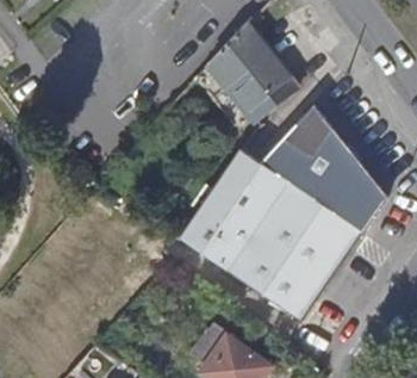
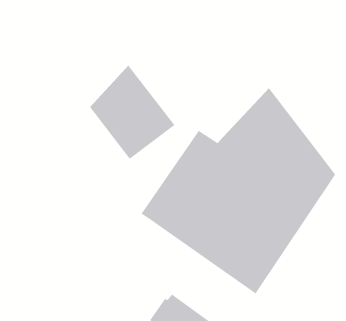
building: [206,21,298,123] -> [89,64,175,160]

